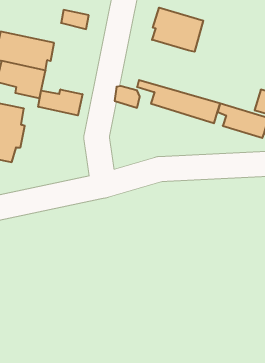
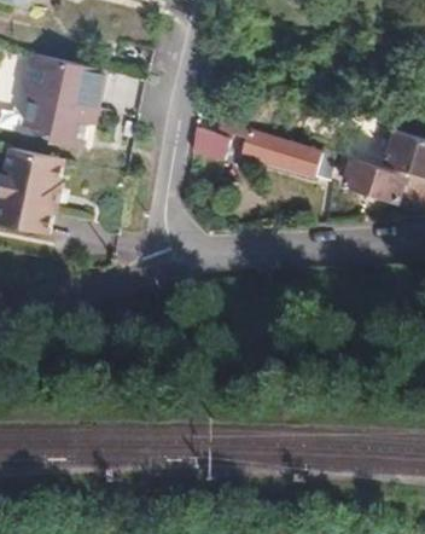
building: [152,8,203,52] -> none
building: [38,89,82,115] -> none

